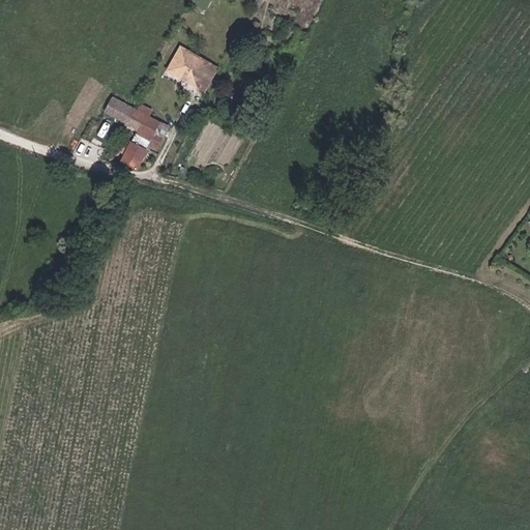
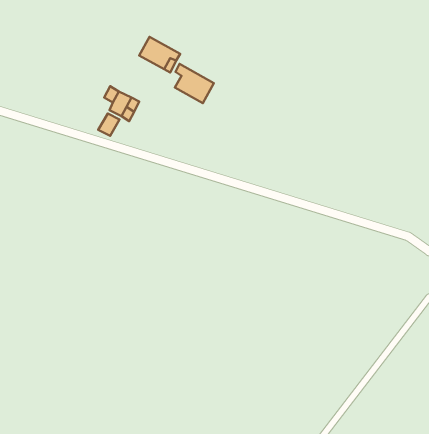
building: none -> [175,64,214,103]
building: [102,96,134,121] -> none

